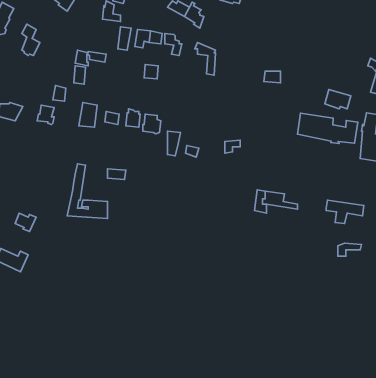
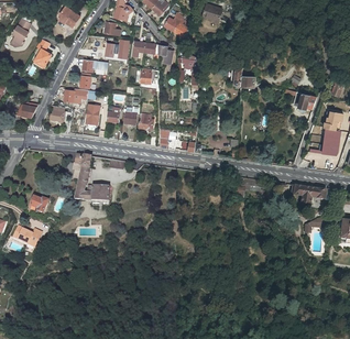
building: [297,113,358,143] -> none

